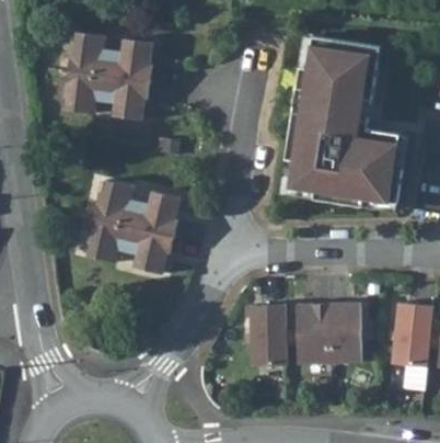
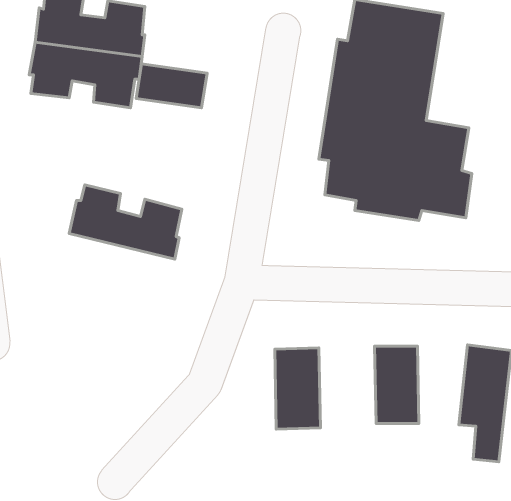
building: none -> [136,64,207,108]
building: [86,216,175,273] -> none
building: [297,303,329,363] -> none

